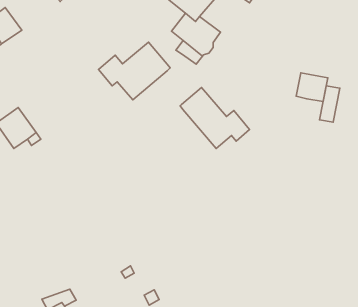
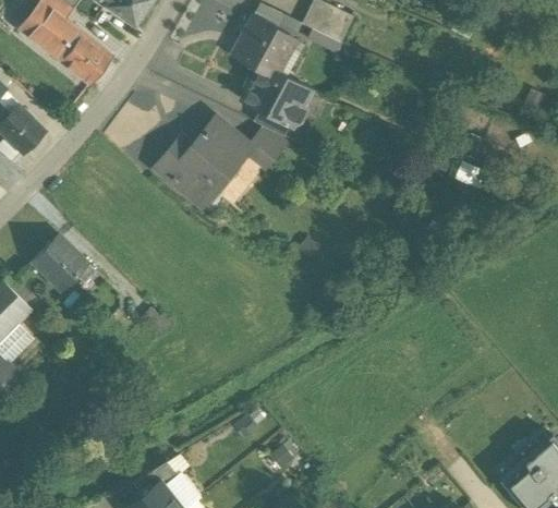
building: none -> [247,126,291,168]
building: [296,73,328,101] -> none
building: [180,87,250,149] -> none

